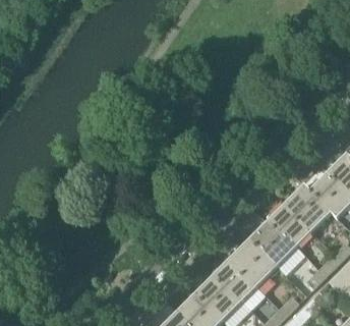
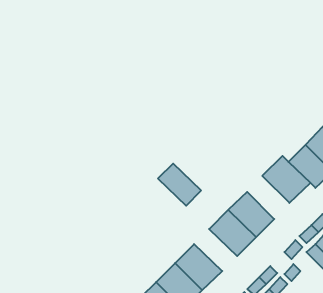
building: [269,203,311,247] -> none
building: [215,257,258,300] -> [158,164,201,206]

